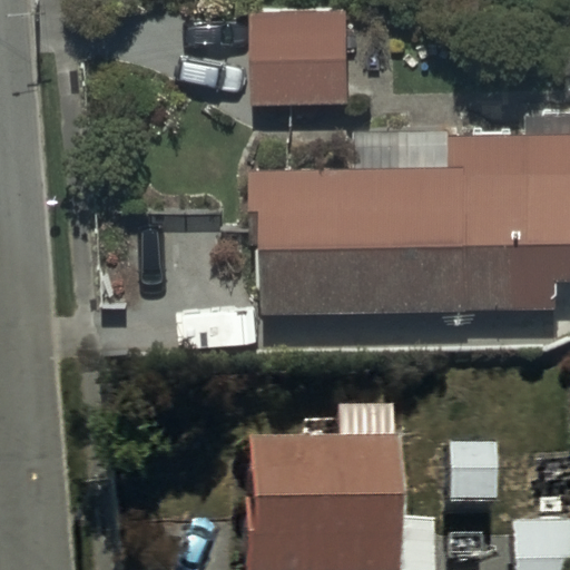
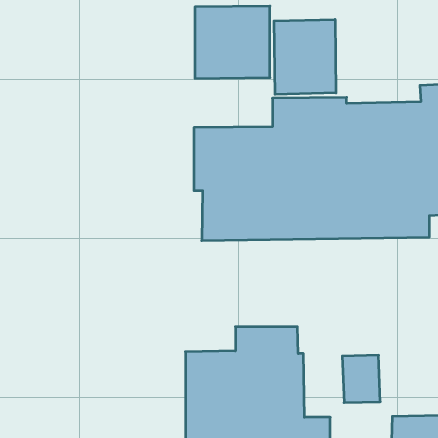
building: none -> [274,19,336,94]

